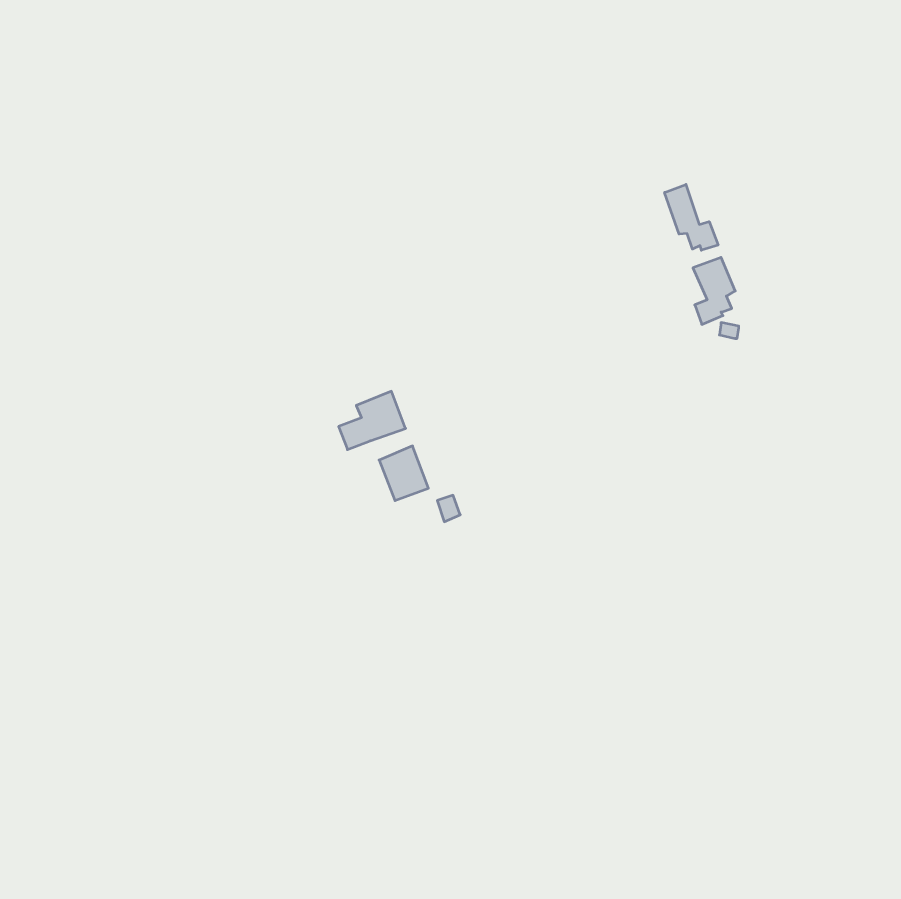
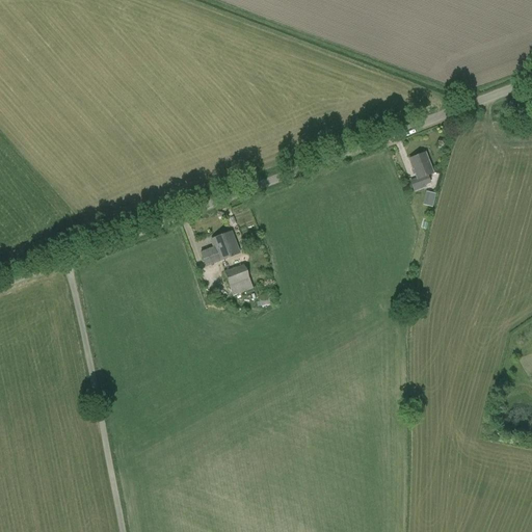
building: [665,184,718,250] -> none

